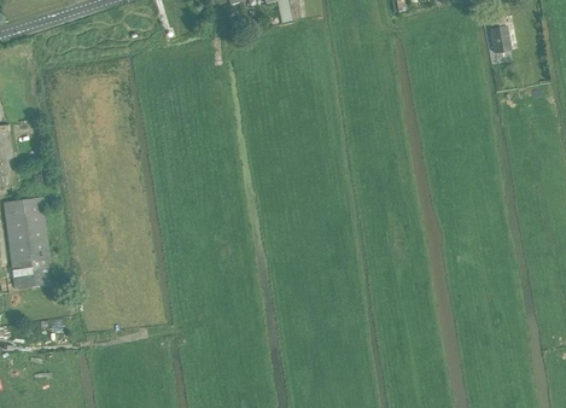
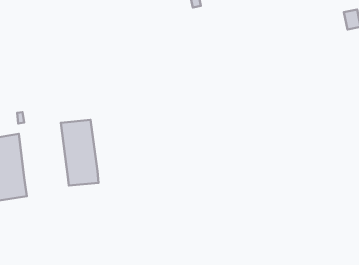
building: none -> [61,120,99,186]

